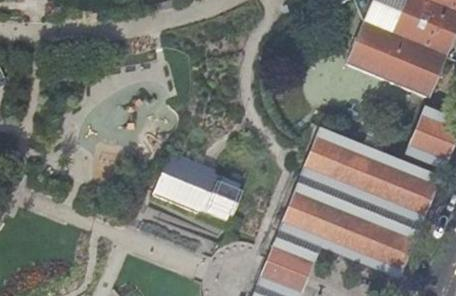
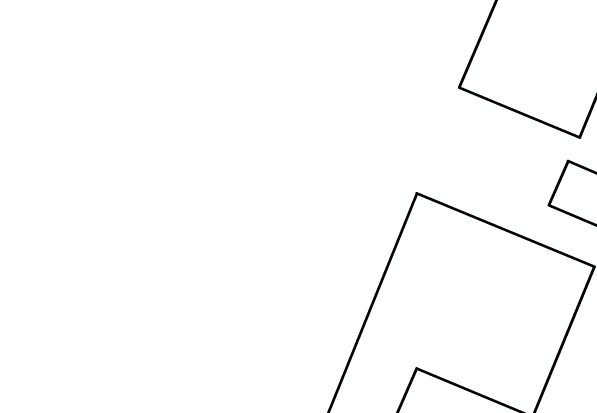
building: [158,155,244,220] -> none

